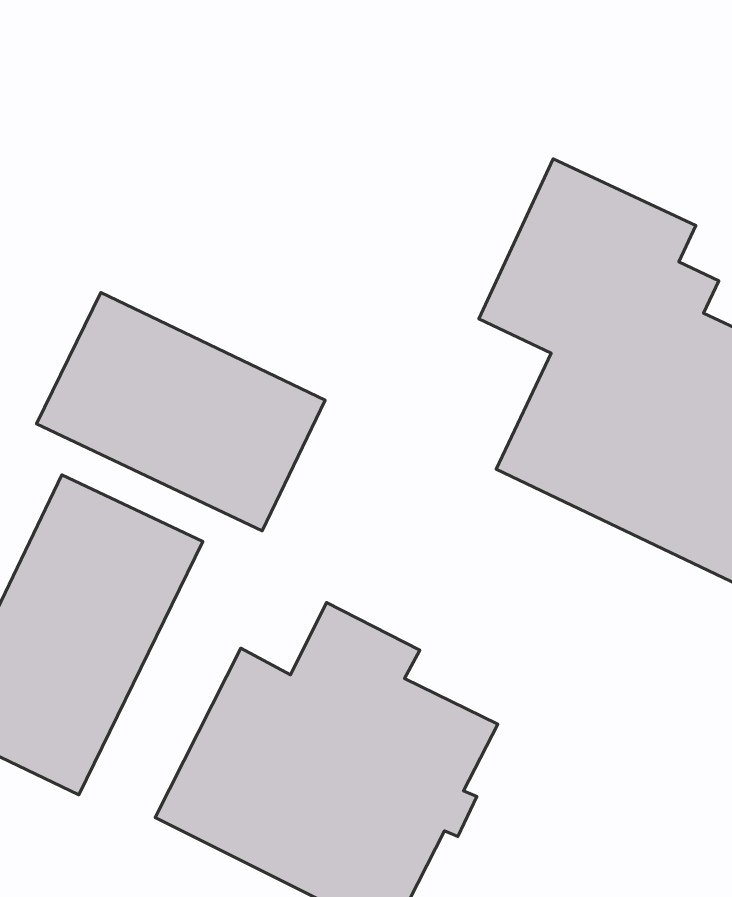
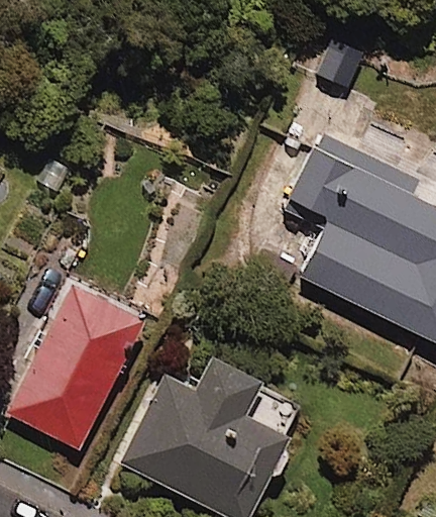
building: [36,292,325,531] -> none

